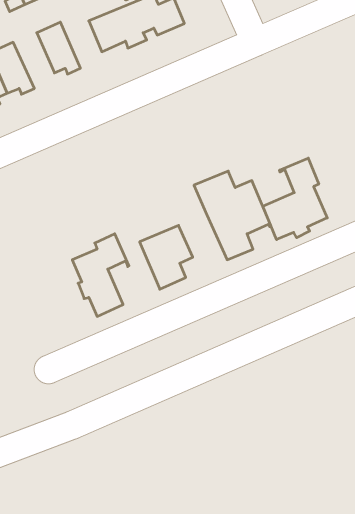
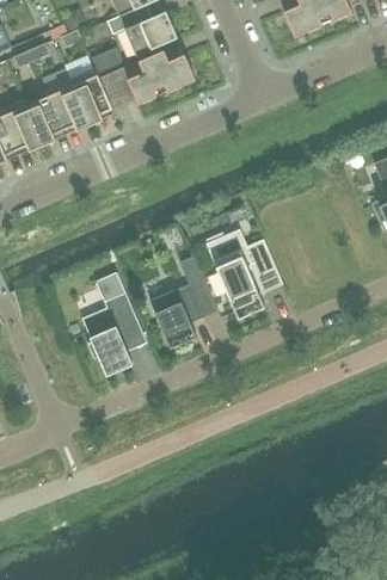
building: none -> [69,67,111,124]
building: none -> [22,88,63,144]
building: [263,158,327,240] -> none

